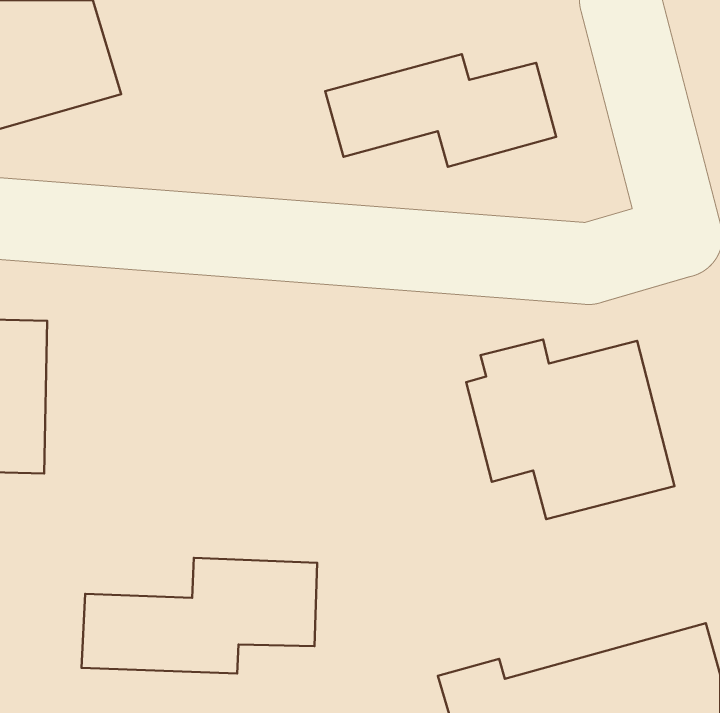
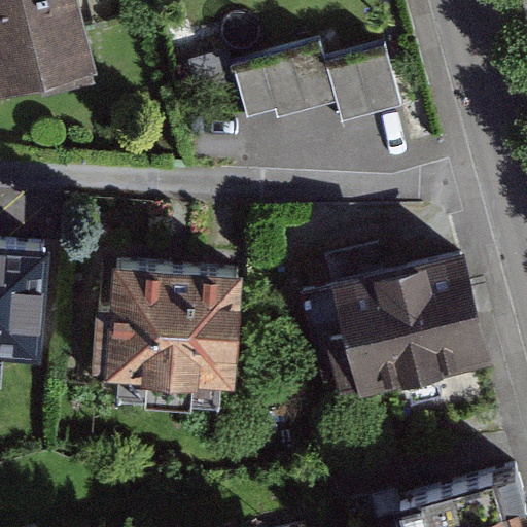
building: none -> [117,272,234,374]
building: [82,558,317,674] -> none

